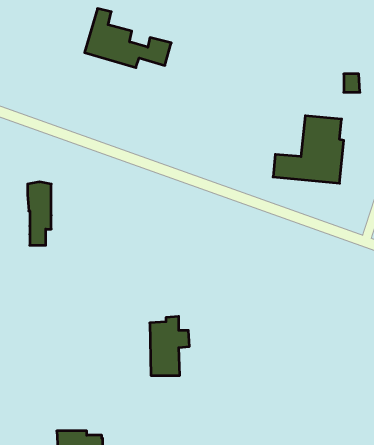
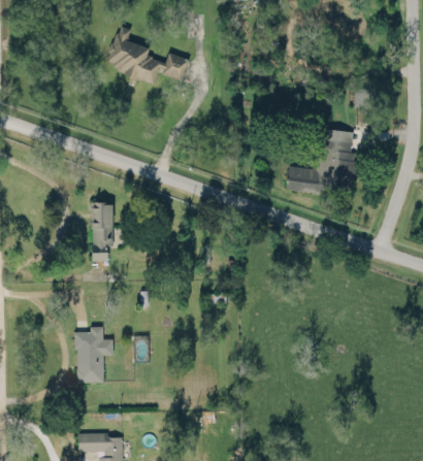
building: [28,182,51,245] -> [91,199,113,260]
building: [150,316,189,375] -> [75,326,113,383]

